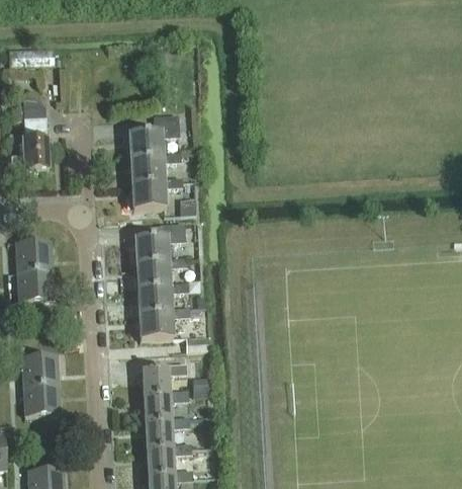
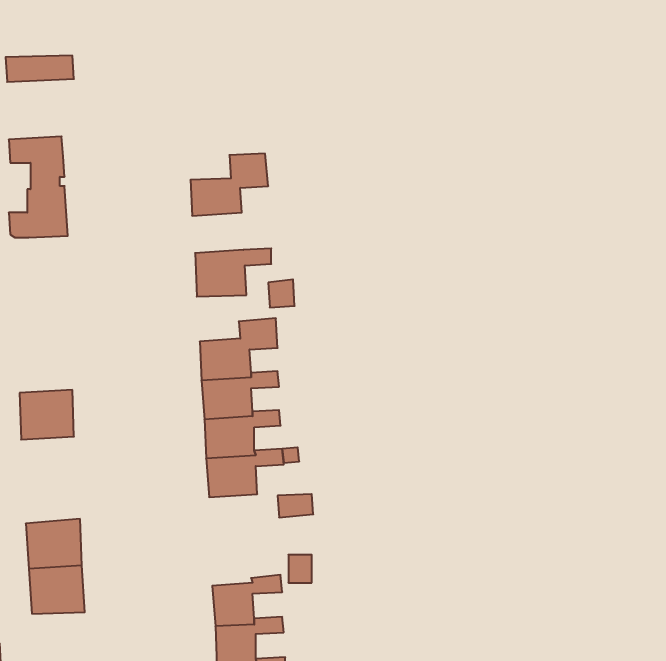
building: [129,153,180,180] -> none
building: [15,239,52,271] -> none
building: [142,363,186,397] -> none

